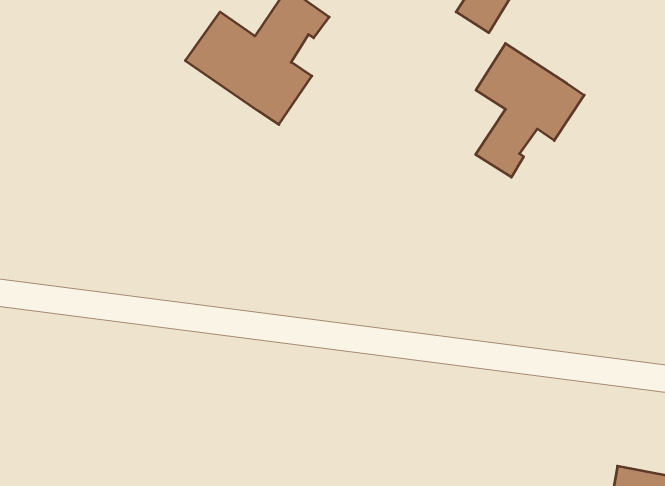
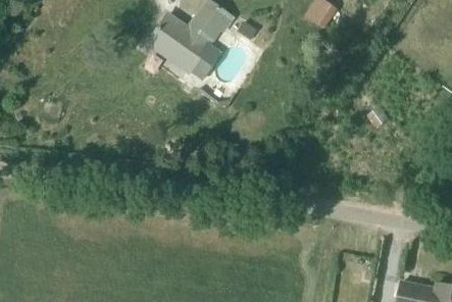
building: [476,43,584,177] -> none

